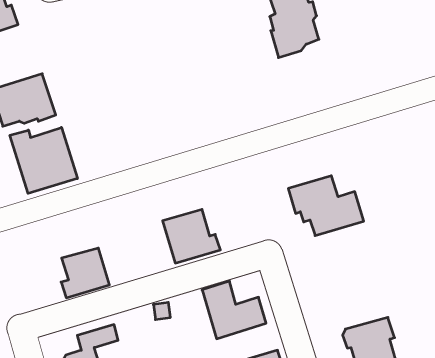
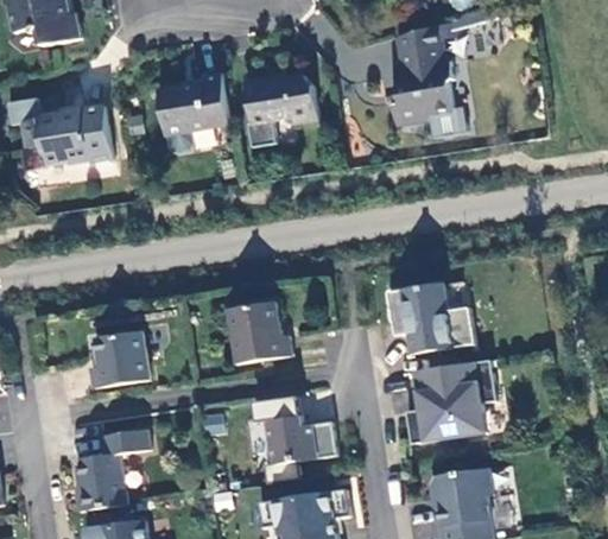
building: none -> [245,74,319,131]
building: none -> [158,74,229,135]
building: [10,127,77,193] -> none
building: none -> [405,360,496,443]

